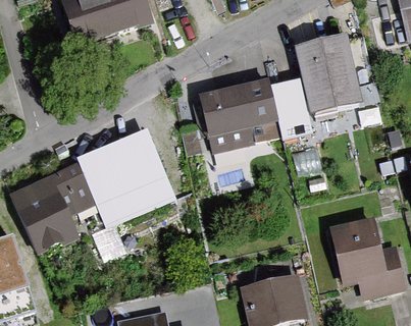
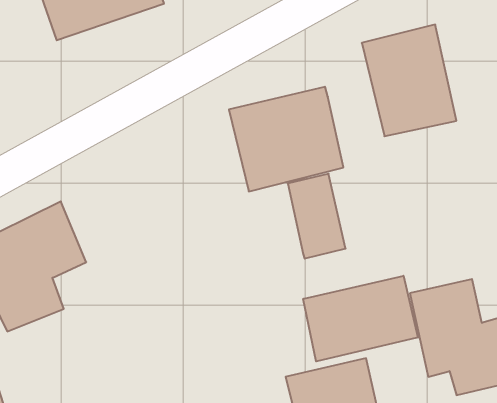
building: [270,78,312,140] -> [288,174,346,259]
building: [76,128,176,229] -> none
building: none -> [303,276,418,361]

